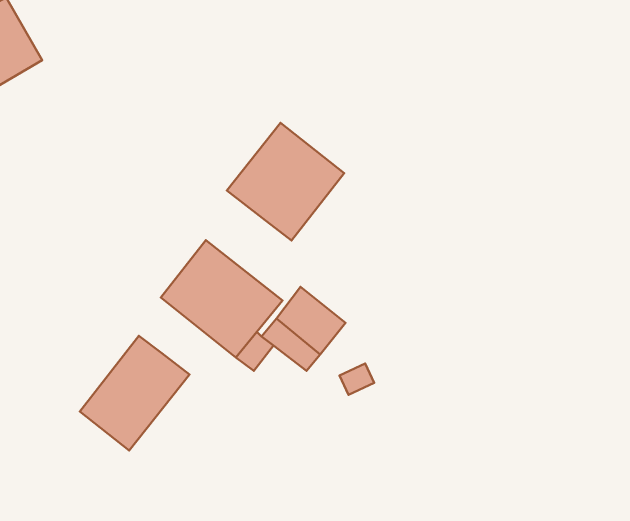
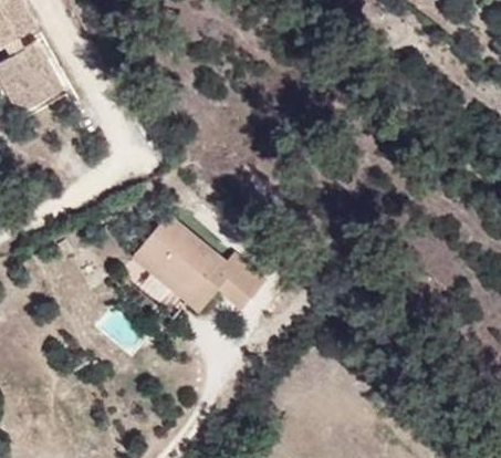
building: [227,123,344,240] -> none
building: [80,336,190,450] -> none

